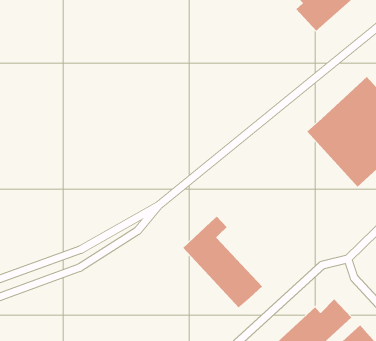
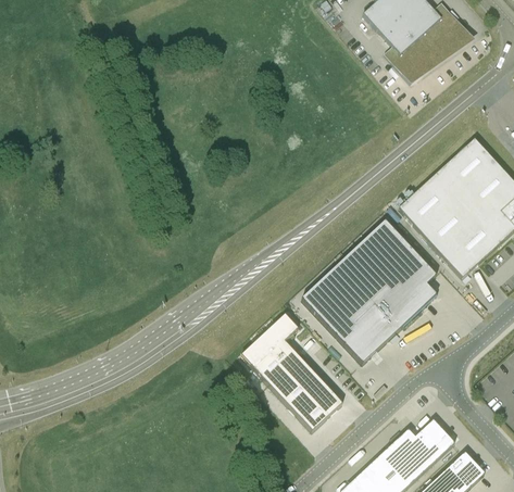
building: none -> [301,219,436,364]

